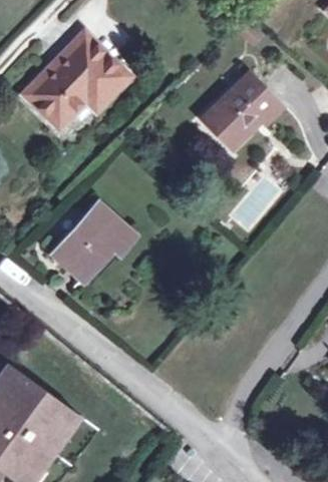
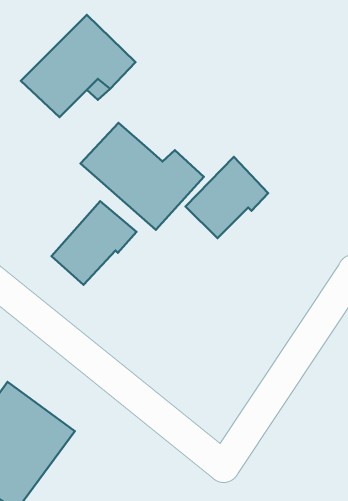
building: [203,74,278,148] -> [185,157,268,238]
building: none -> [80,123,204,230]

